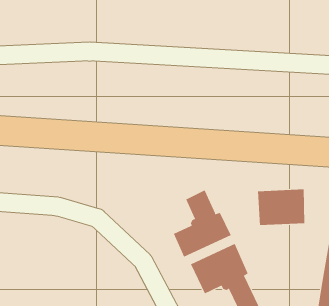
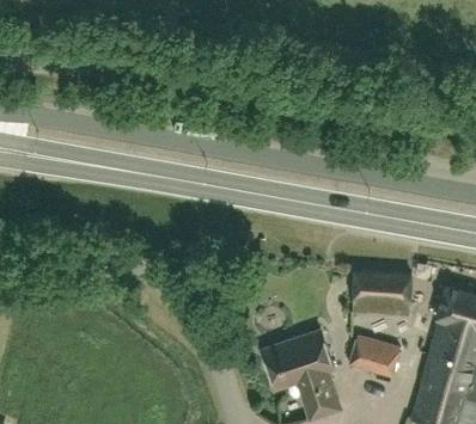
building: [173,189,232,258] -> none
building: none -> [350,336,401,376]

